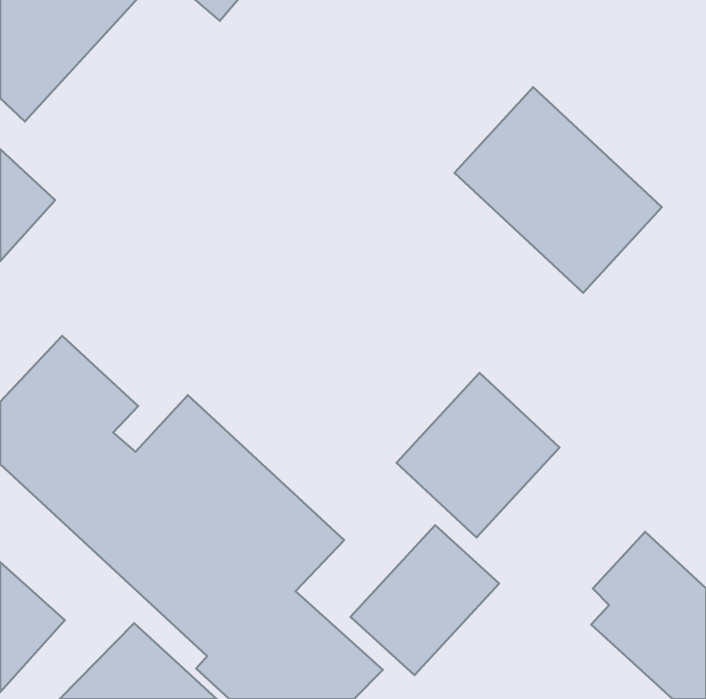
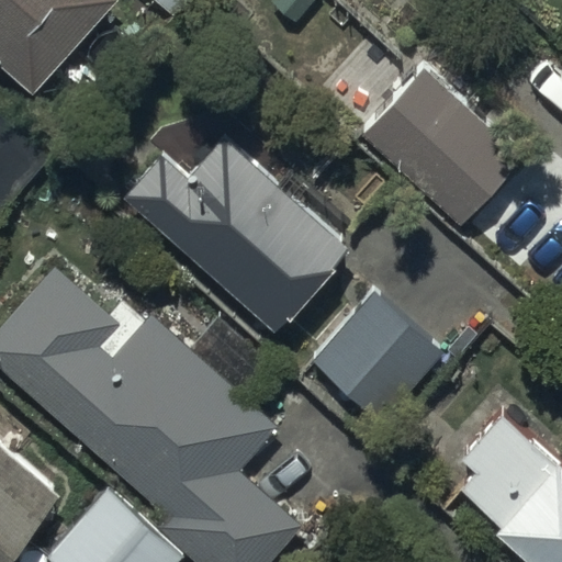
building: none -> [123,135,350,331]
building: [350,525,499,675] -> none

